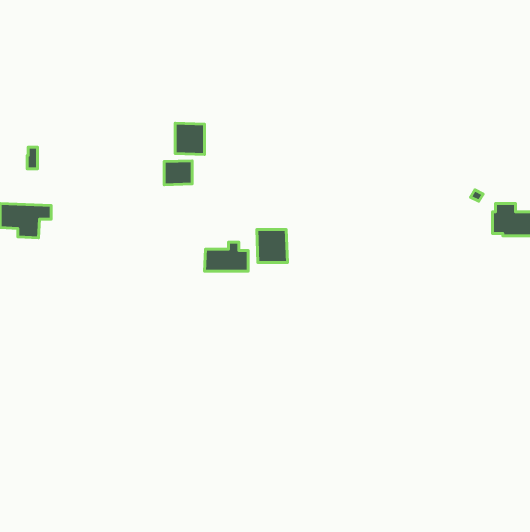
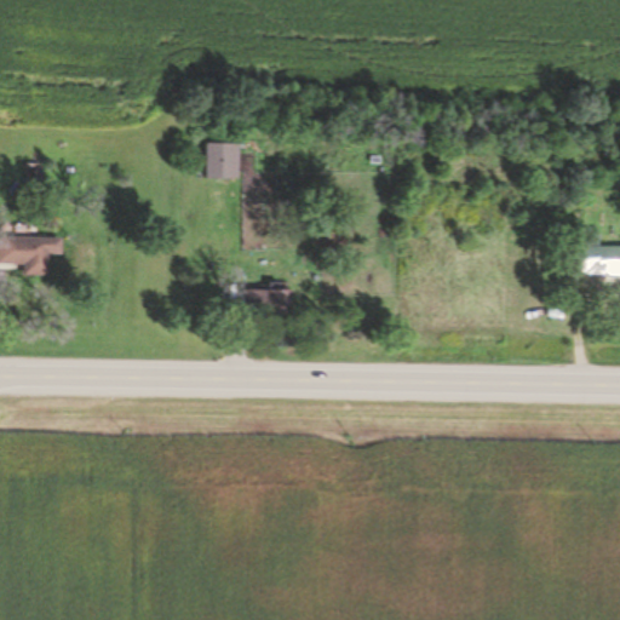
building: [164,161,192,185] -> none
building: [257,230,287,262] -> none

